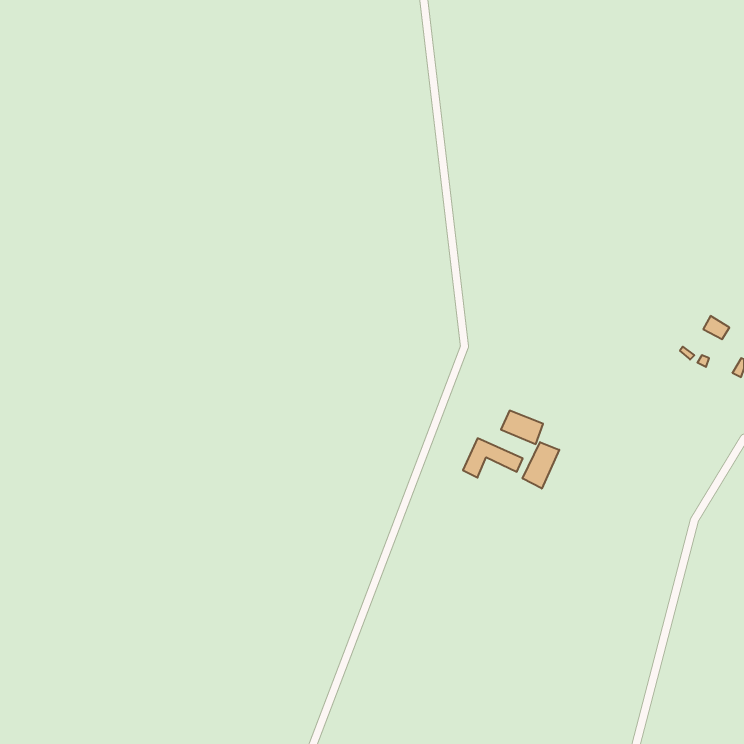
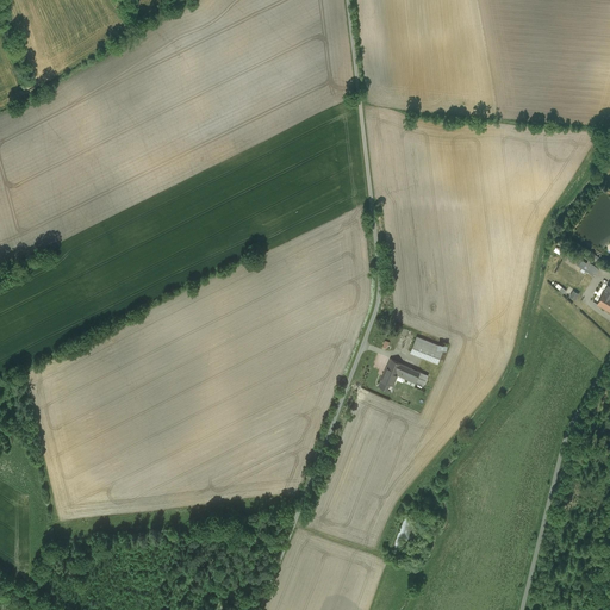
building: [523,442,559,489] -> none

